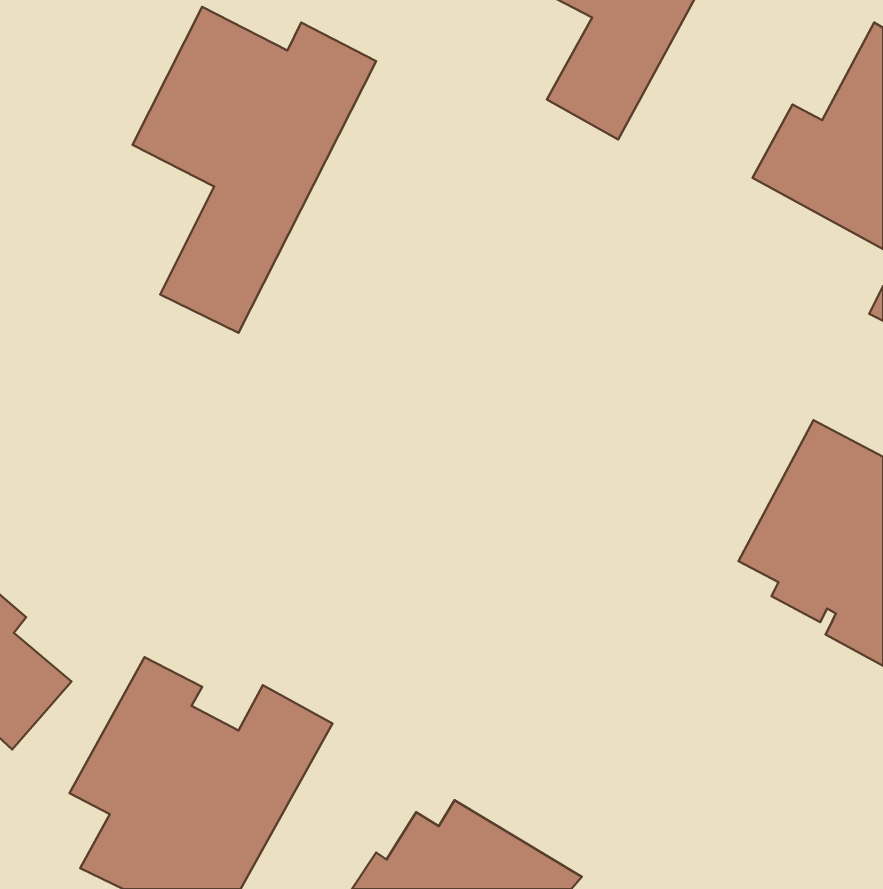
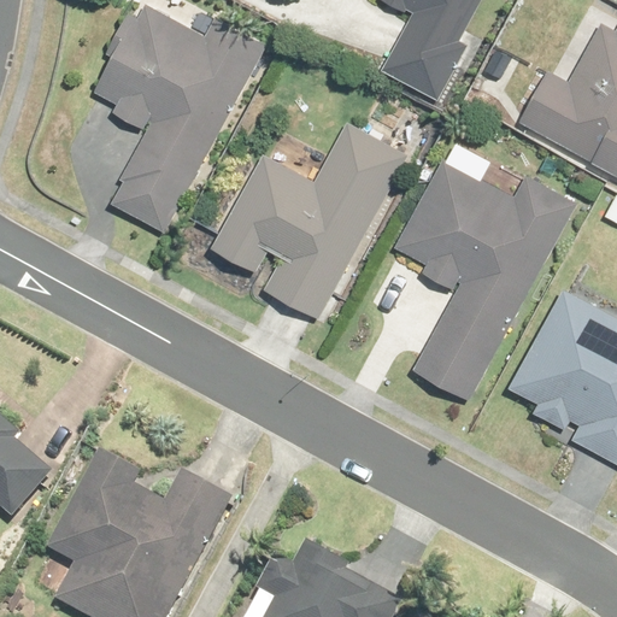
building: none -> [213,123,406,316]
building: none -> [396,158,575,400]

